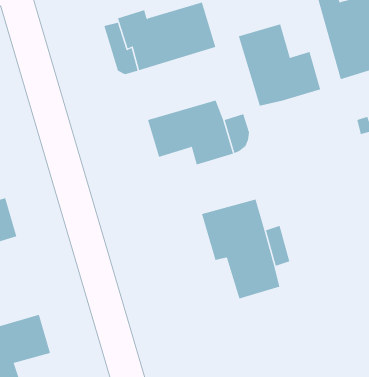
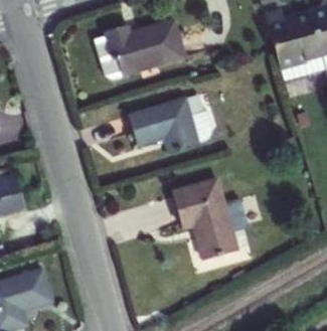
building: [238,23,321,107] -> none

